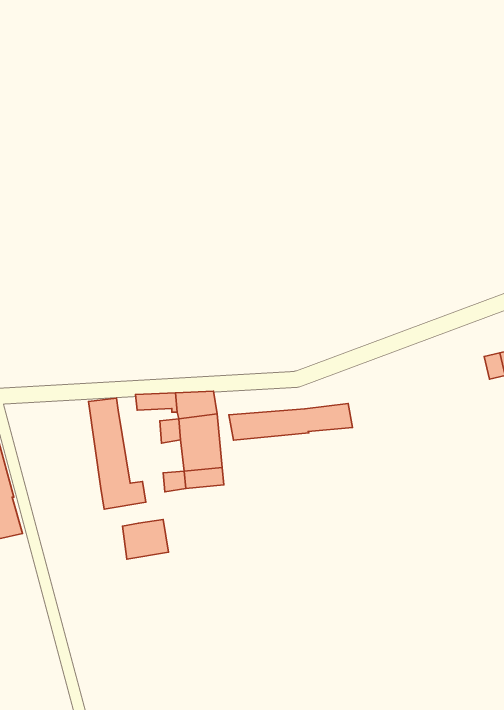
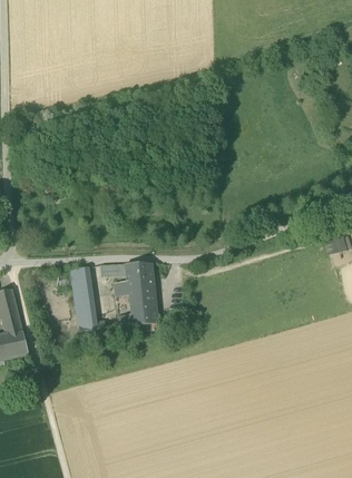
building: [229,403,352,440] -> none
building: [123,519,169,559] -> none

